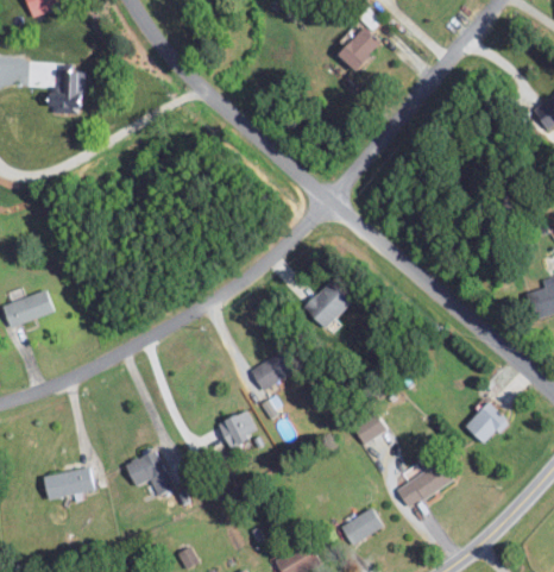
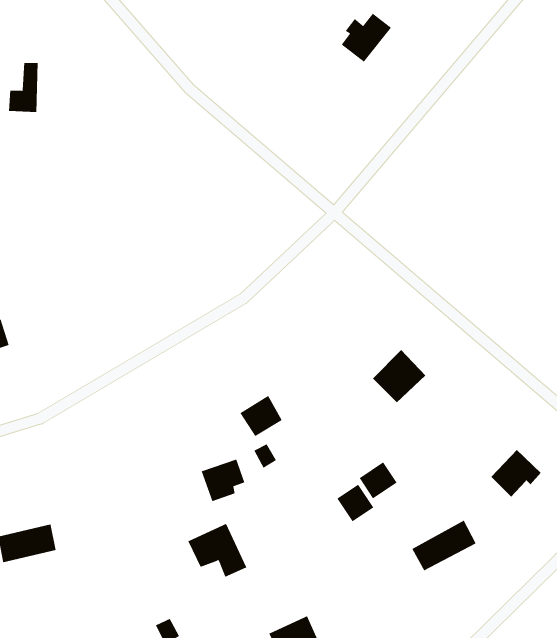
building: [303,282,350,328] -> [372,349,426,403]
building: none -> [336,484,374,522]
building: [124,448,175,495] -> [188,523,247,577]
building: [341,509,383,545] -> none

